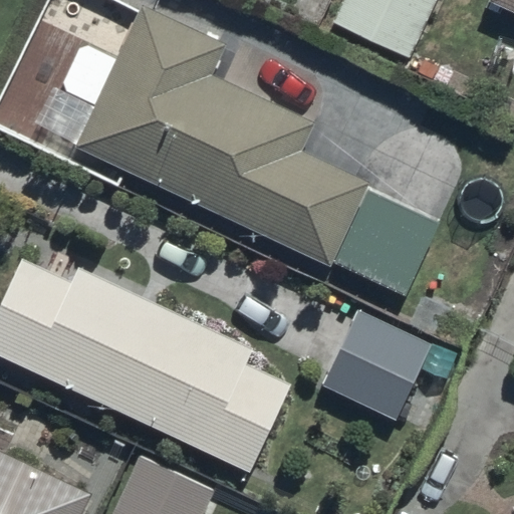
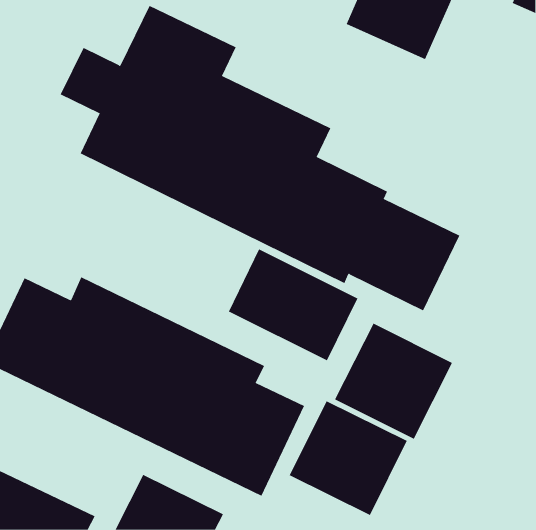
building: none -> [228,249,358,361]
building: none -> [289,401,408,516]

